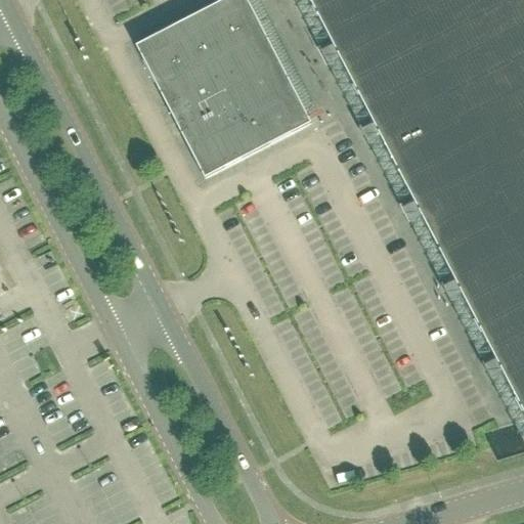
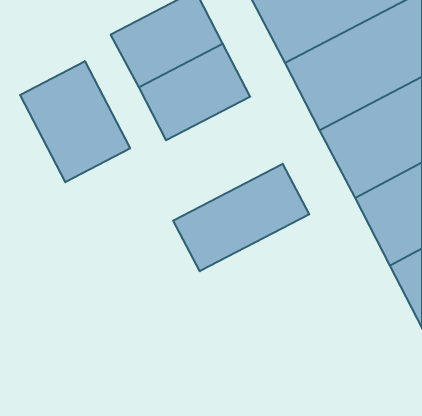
building: none -> [20,61,130,182]
building: none -> [173,164,309,271]

